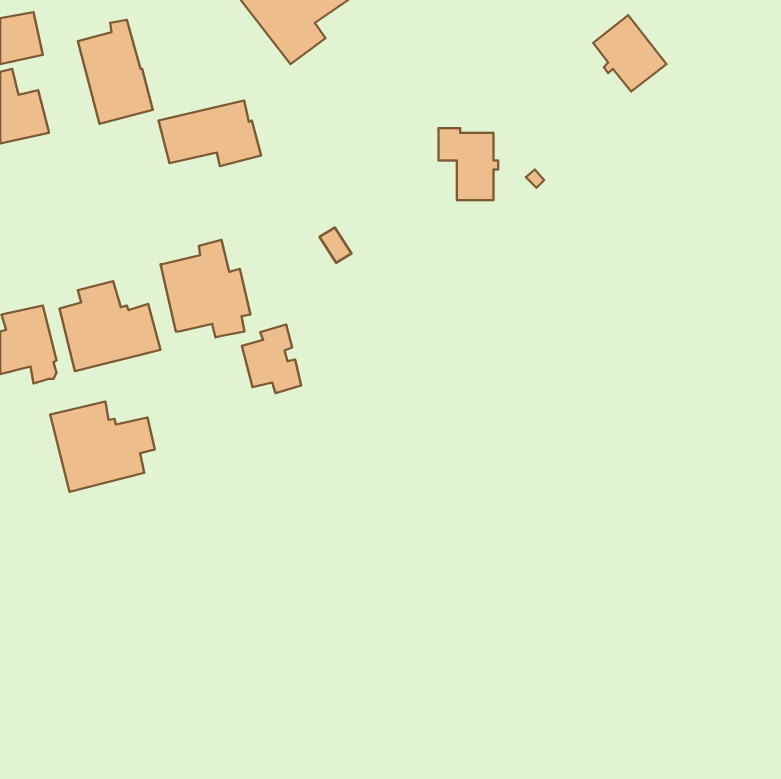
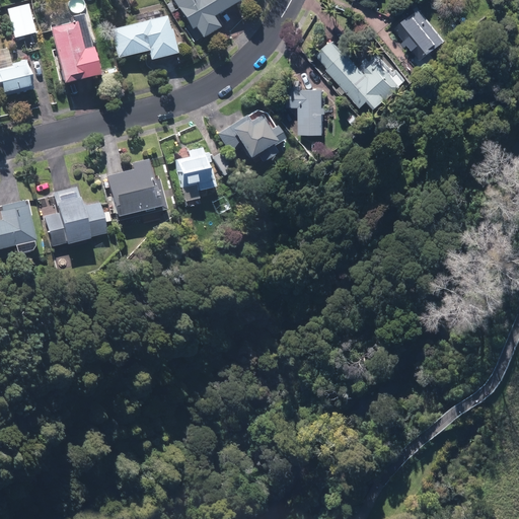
building: none -> [317,40,403,107]
building: [159,101,261,166] -> [112,15,179,59]
building: none -> [217,114,287,161]
building: [242,324,301,393] -> [173,146,213,192]
building: [50,401,155,492] -> none

